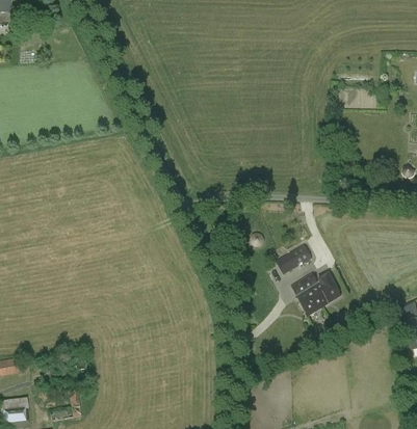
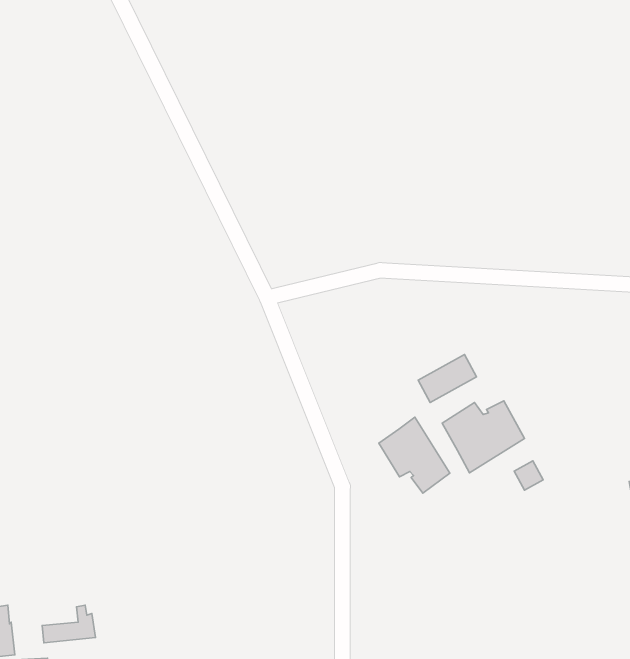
building: none -> [379,417,450,493]

